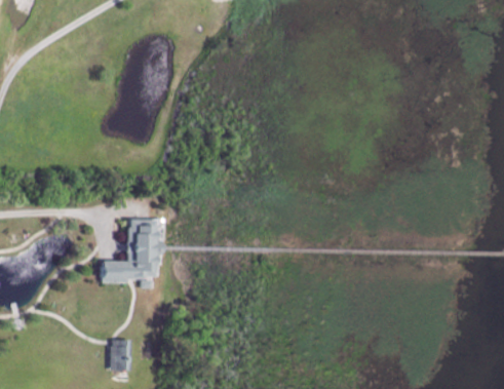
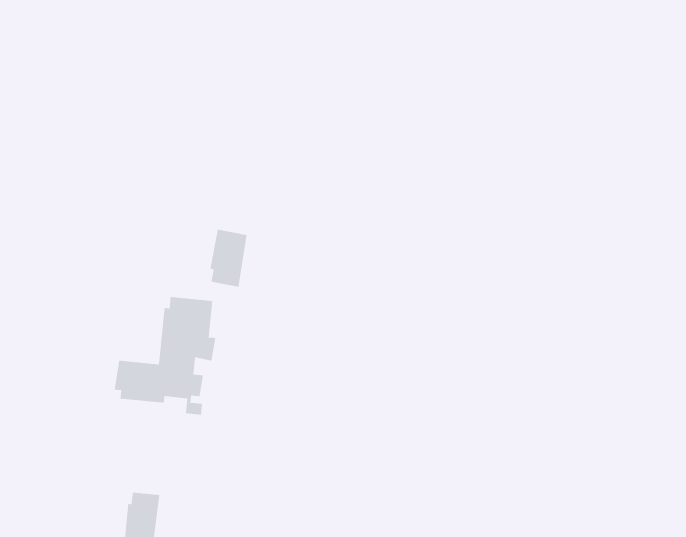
building: none -> [210,229,247,288]

